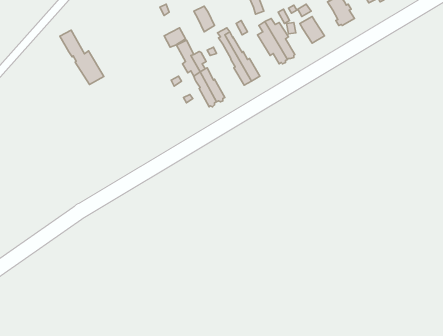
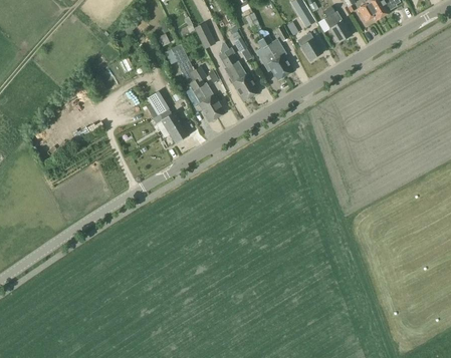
building: [60,30,104,85] -> [146,89,189,142]

